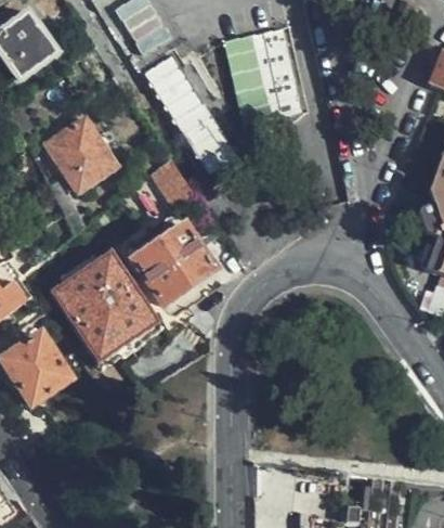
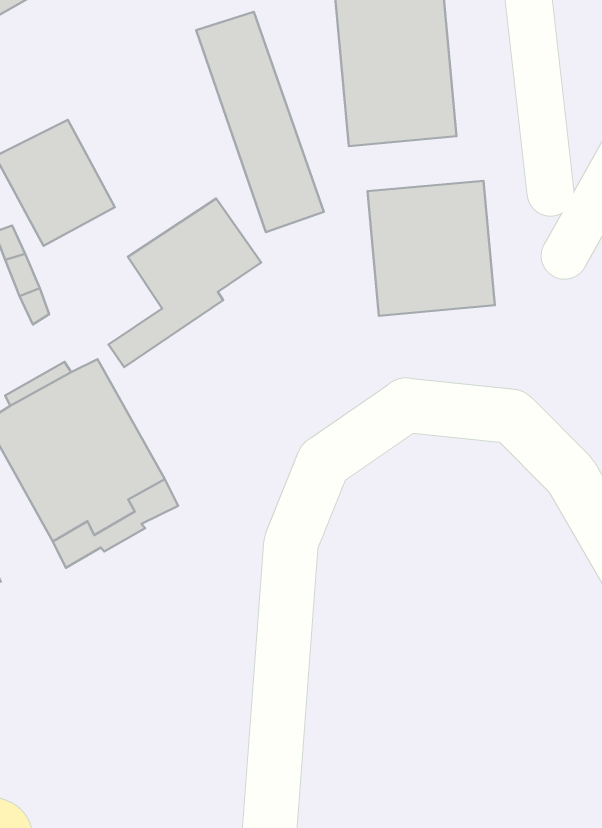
building: none -> [367,181,495,316]
building: [133,224,216,306] -> none

